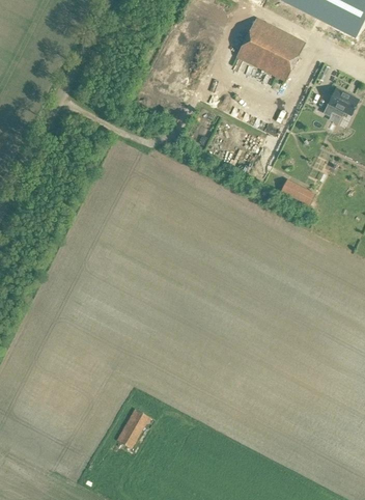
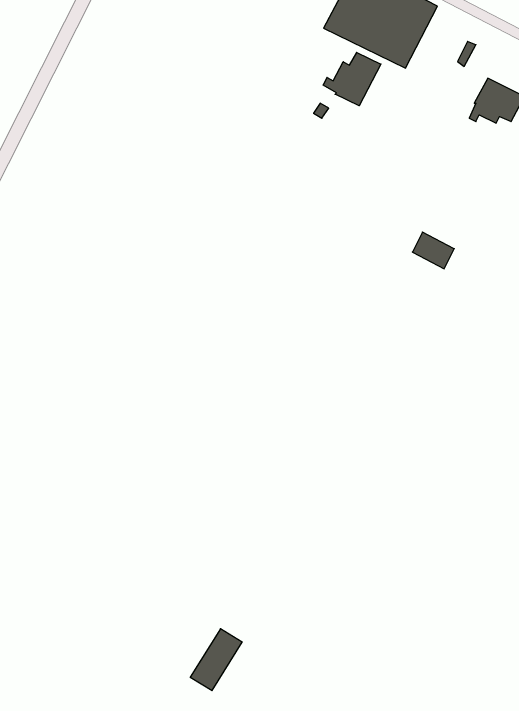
building: none -> [323,52,381,106]
building: [116,409,148,447] -> [190,629,242,691]

